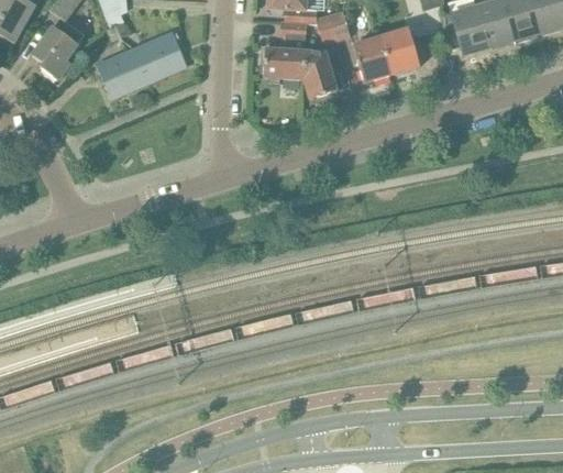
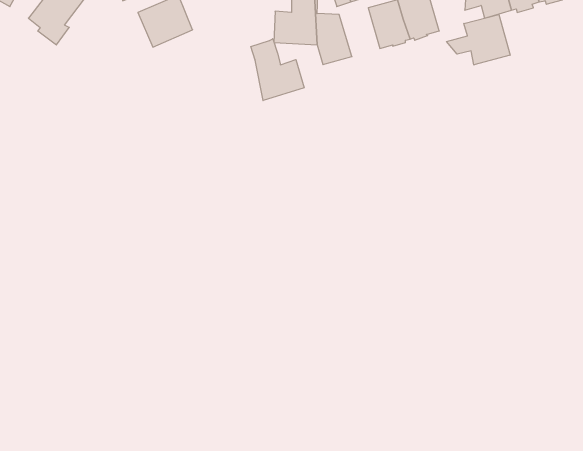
building: [96,48,148,98] -> none
building: none -> [447,15,510,65]
building: none -> [251,39,304,101]

